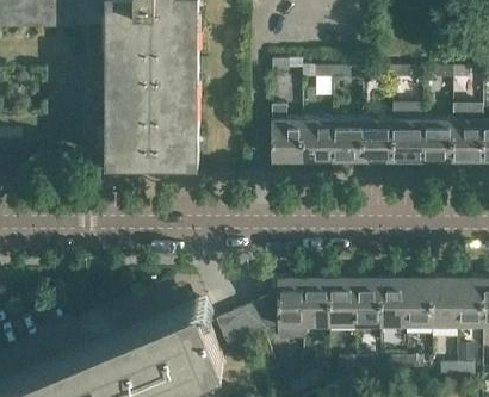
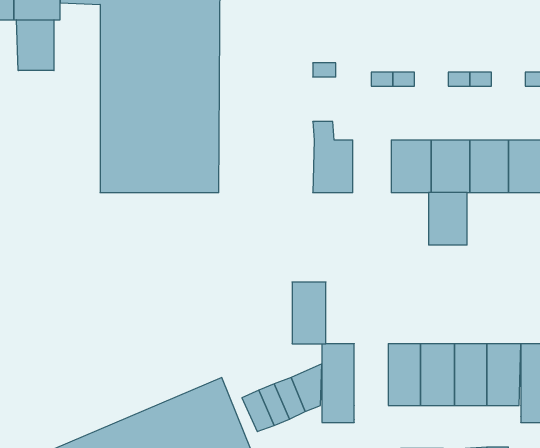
building: none -> [16,20,54,71]
building: [301,120,330,161] -> [429,193,467,245]
building: [302,278,328,325] -> [292,282,326,344]

